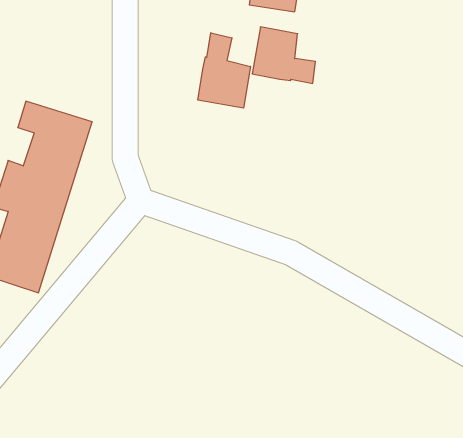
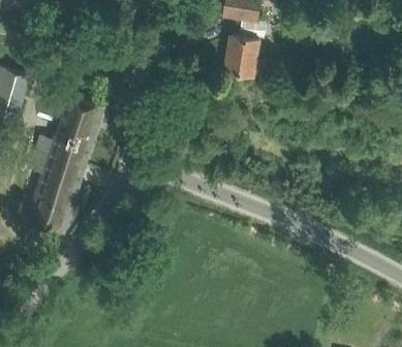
building: [198,33,250,108] -> none

